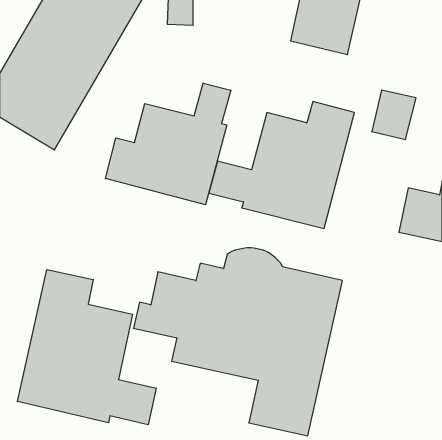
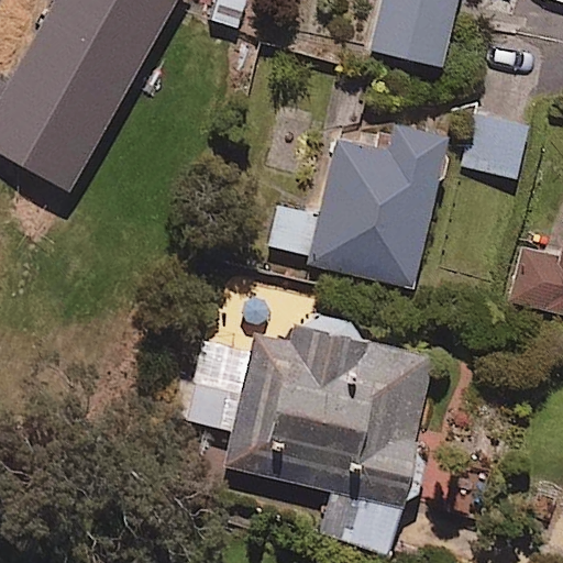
building: [105,83,231,205] -> none
building: [17,270,156,425] -> none

